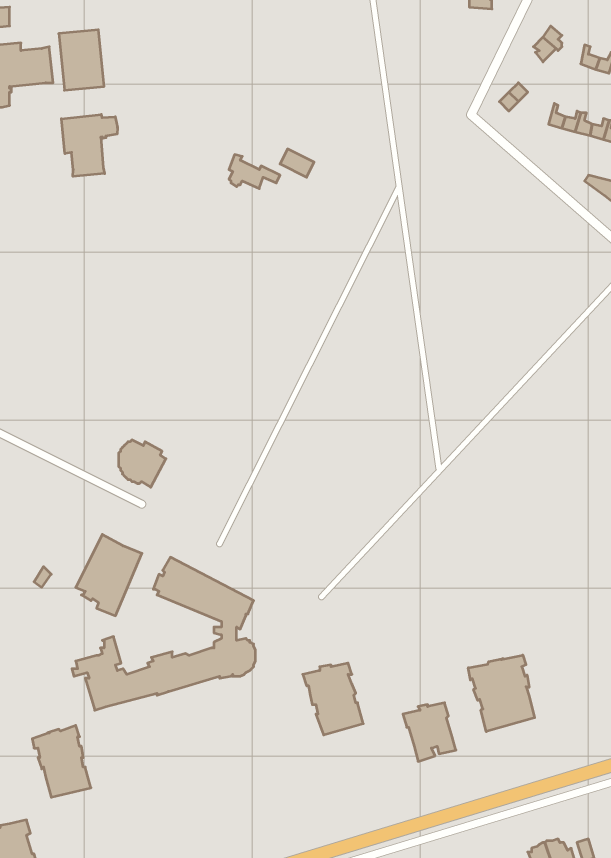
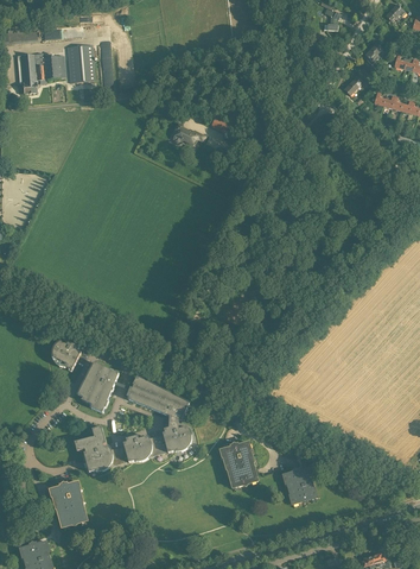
building: [61,114,117,176] -> none
building: [119,440,166,487] -> [51,340,81,369]
building: [468,655,535,732] -> none

